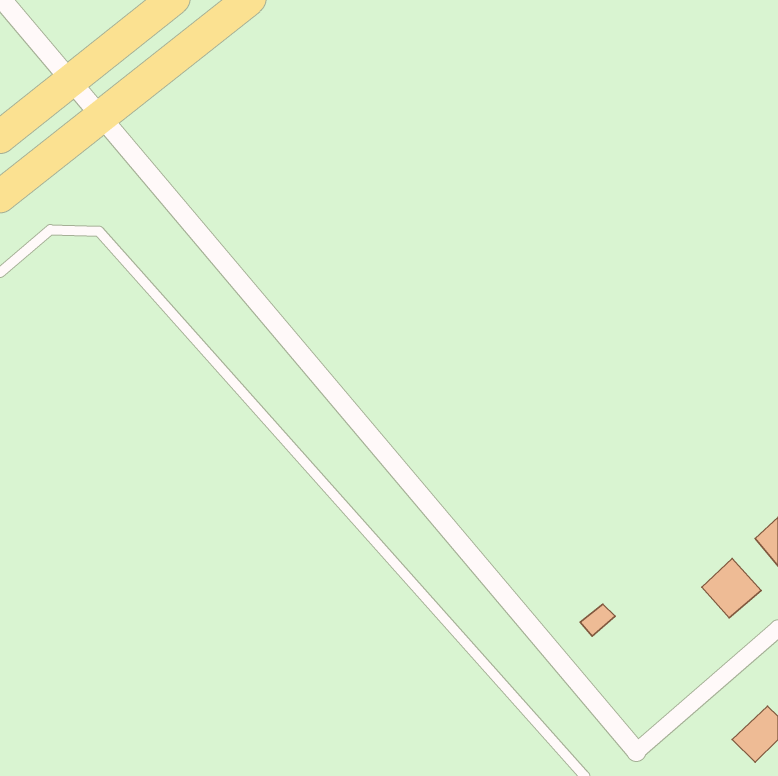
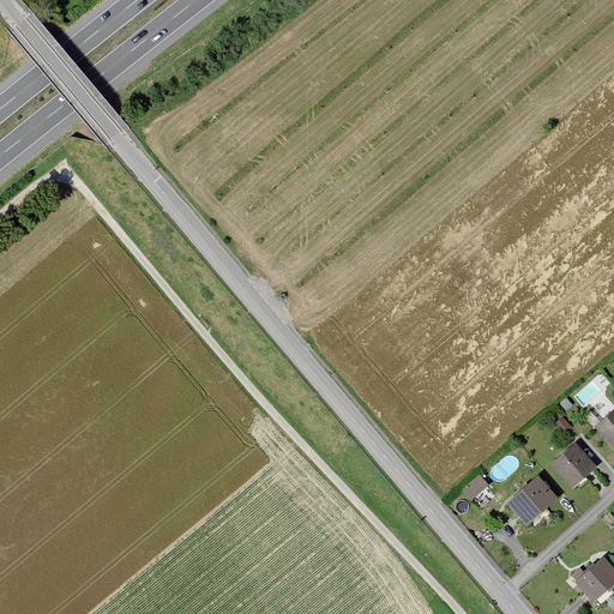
building: none -> [506,476,559,526]

